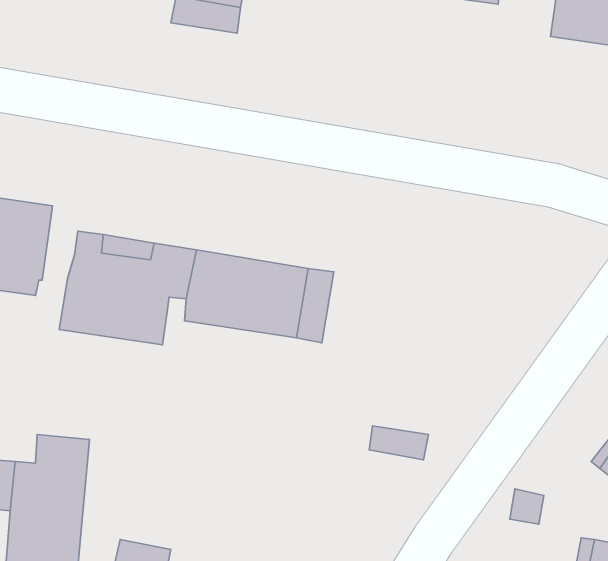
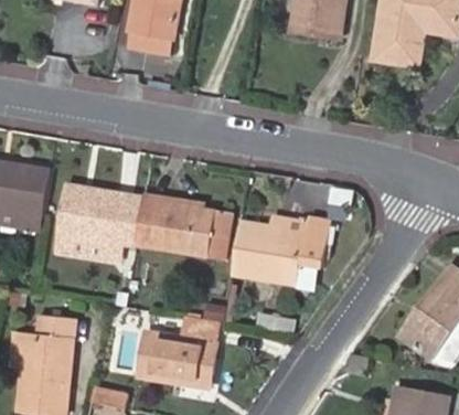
building: none -> [232,216,331,284]
building: none -> [139,317,221,387]

